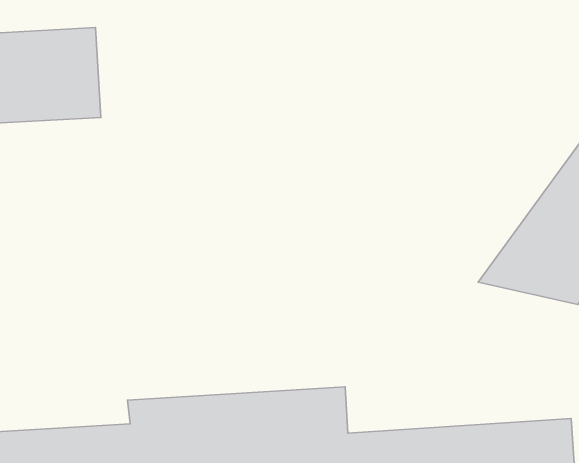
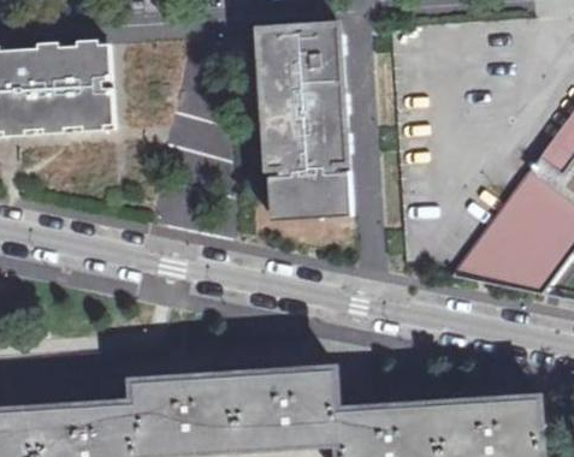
building: none -> [259,29,350,213]

